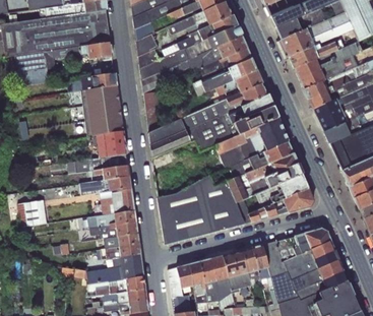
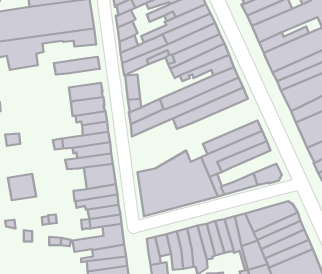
building: [81,85,118,106] -> none
building: [216,118,288,169] -> none
building: [257,174,308,207] -> none

